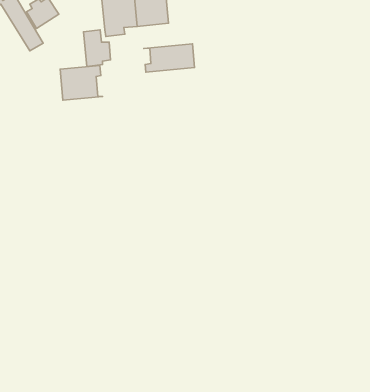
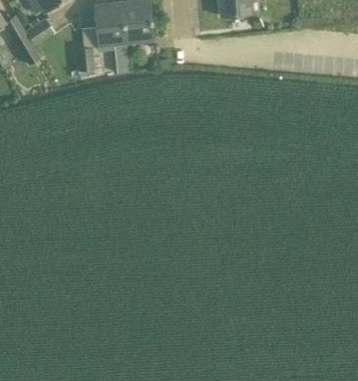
building: [144,44,194,72] -> none
building: [60,65,103,100] -> none

